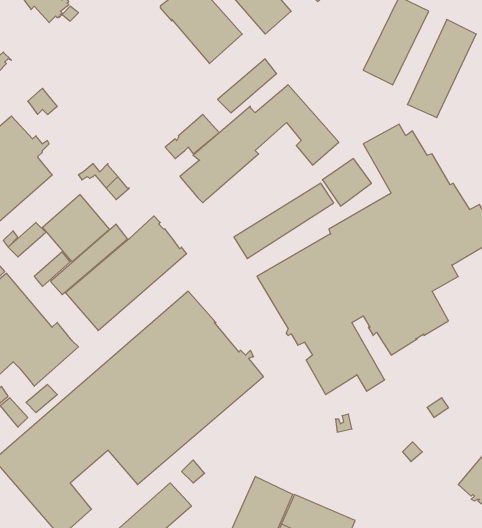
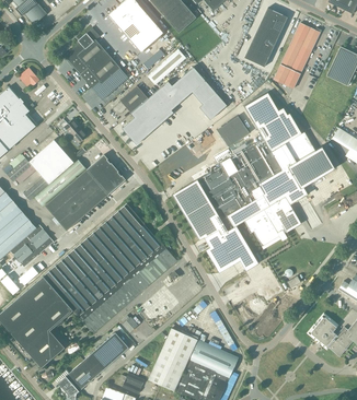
building: none -> [65,27,129,99]

